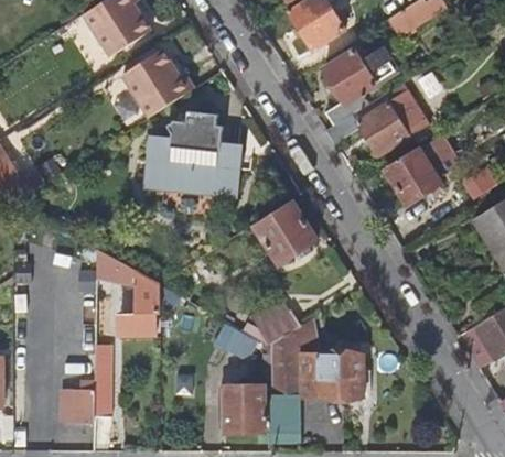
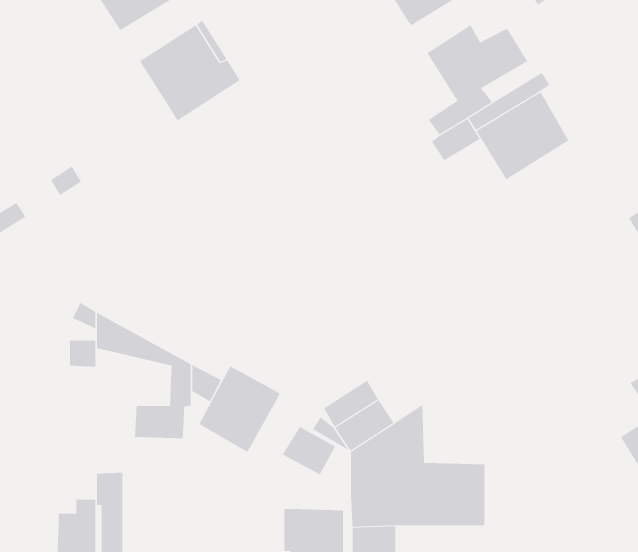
building: [148,110,237,193] -> none
building: [387,137,458,205] -> none
building: [255,204,315,263] -> none
building: none -> [199,365,281,453]

